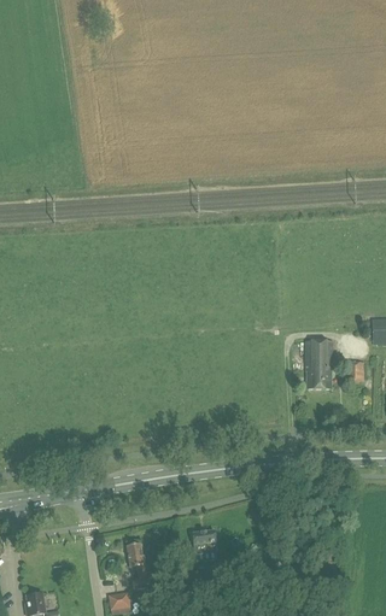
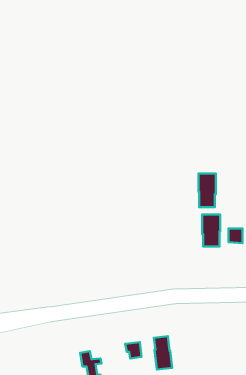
building: none -> [198,174,216,207]
building: none -> [154,336,172,369]

